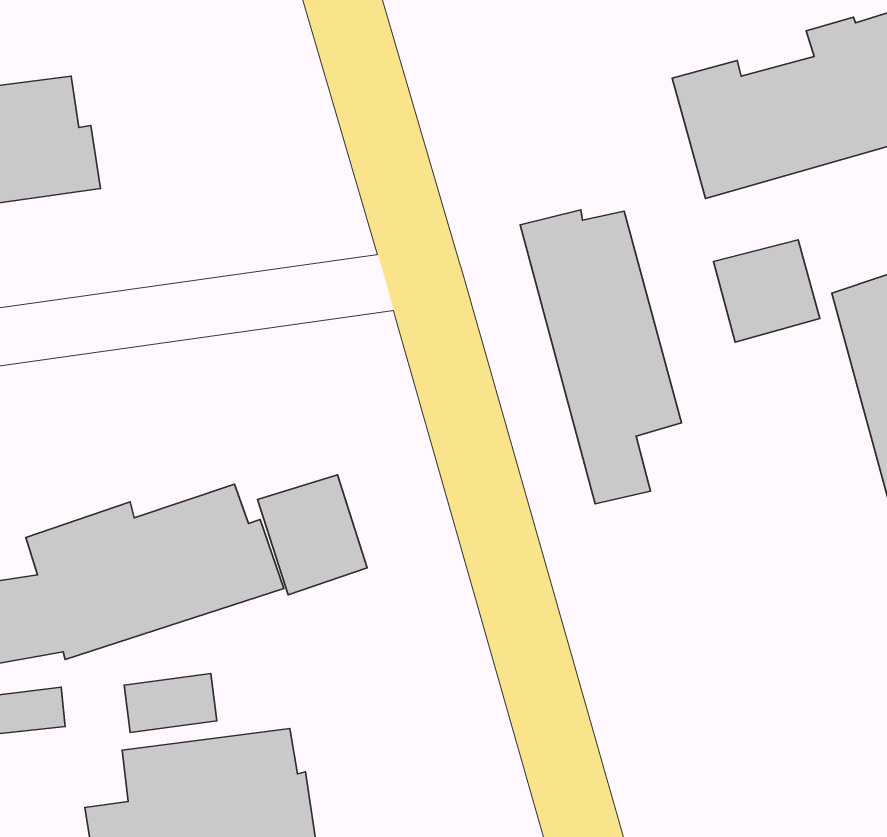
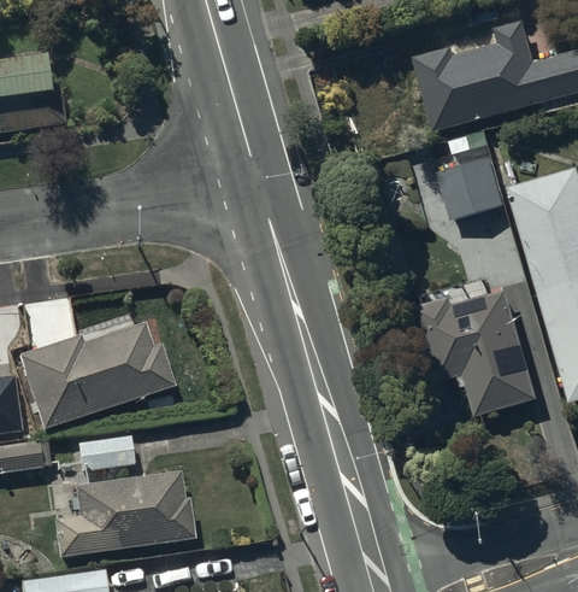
building: [520,210,682,504] -> none
building: none -> [417,286,537,411]
building: [257,475,367,595] -> none

